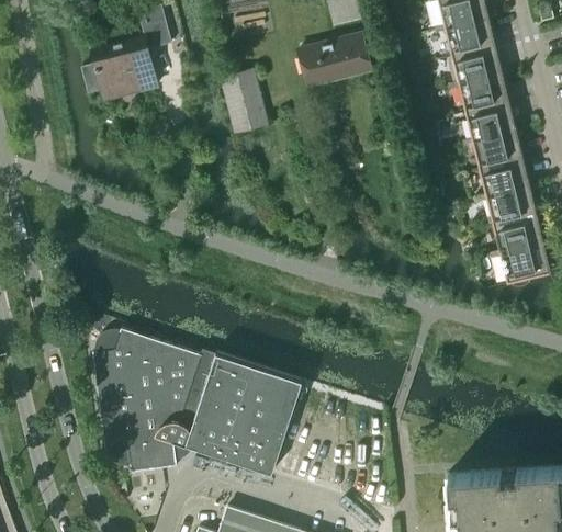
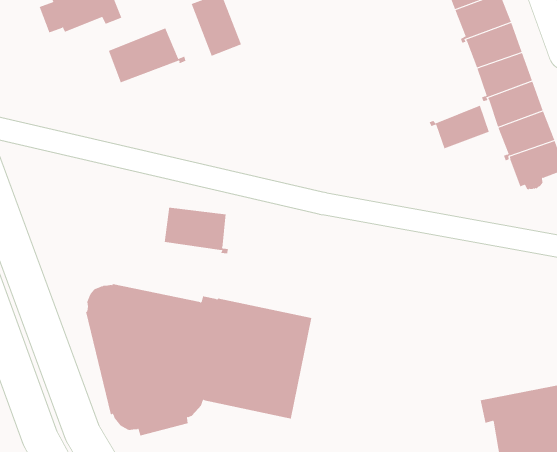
building: none -> [108,27,186,83]
building: none -> [429,105,490,149]
building: none -> [164,207,228,254]

